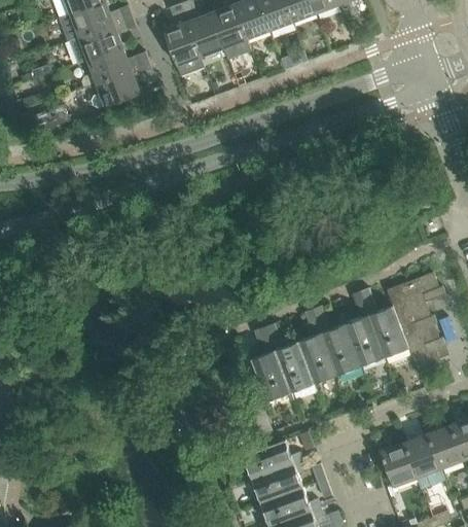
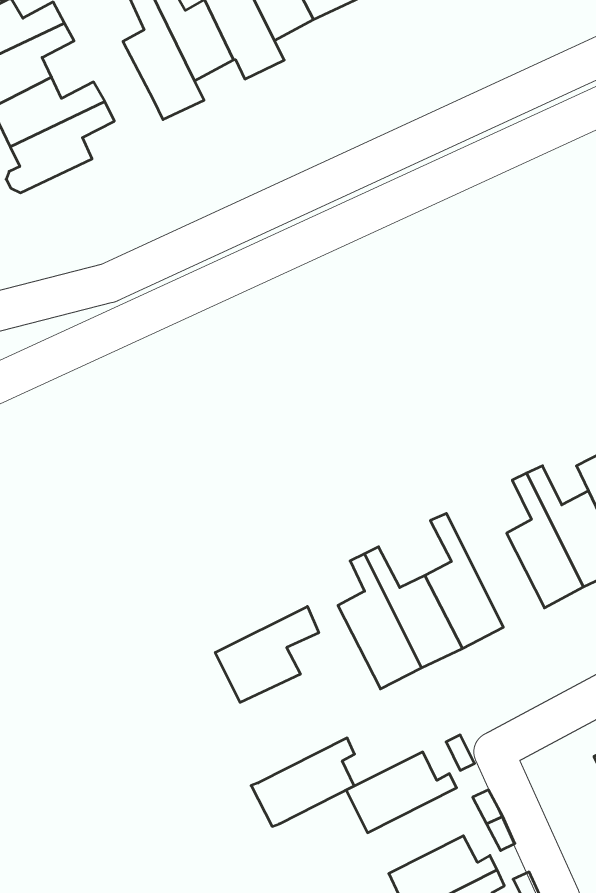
building: [313,306,361,375] -> none
building: none -> [215,606,319,702]
building: [247,460,305,504] -> [251,738,355,826]

